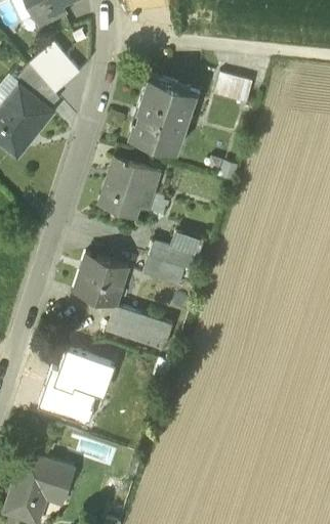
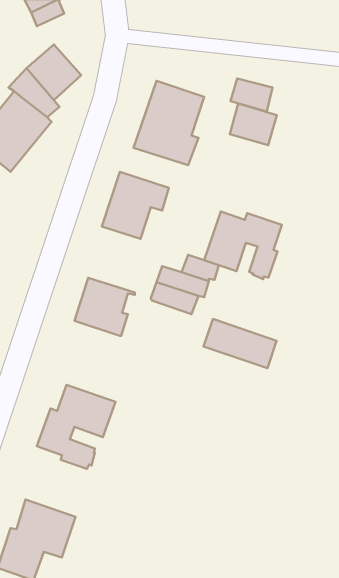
building: none -> [230,103,277,145]
building: none -> [204,212,282,279]
building: [107,305,172,349] -> [204,319,276,368]

